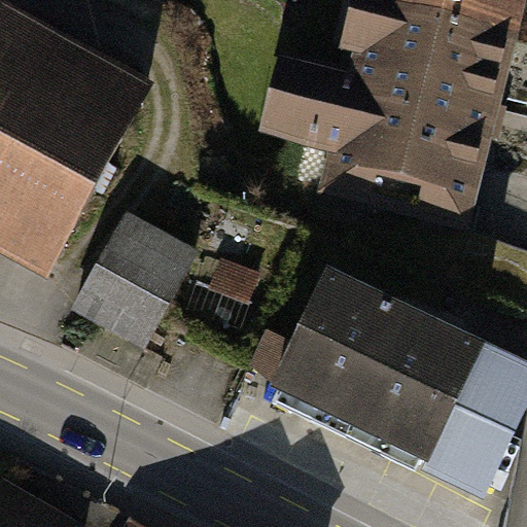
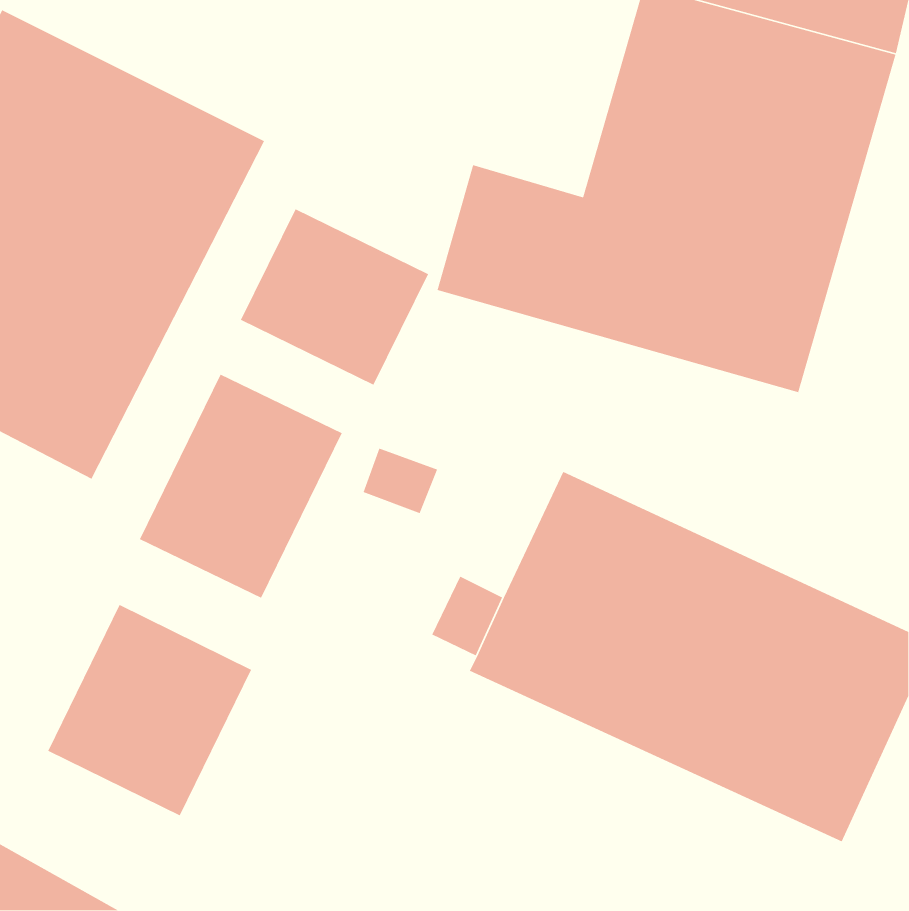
building: none -> [240,208,429,386]
building: none -> [47,604,252,817]

